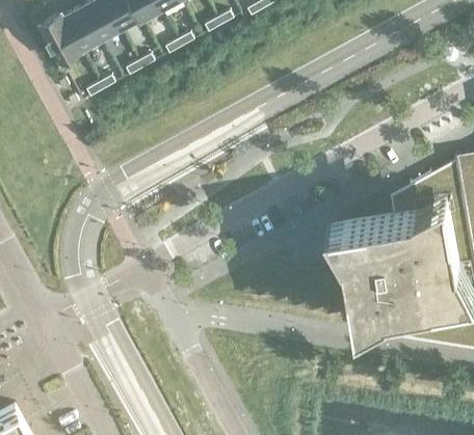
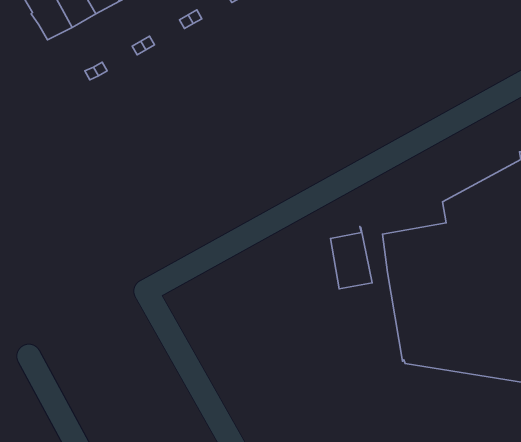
building: none -> [331,226,372,289]

